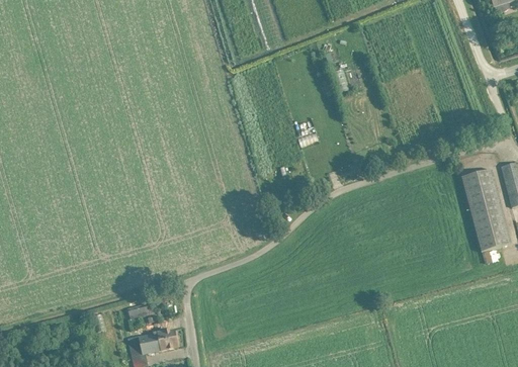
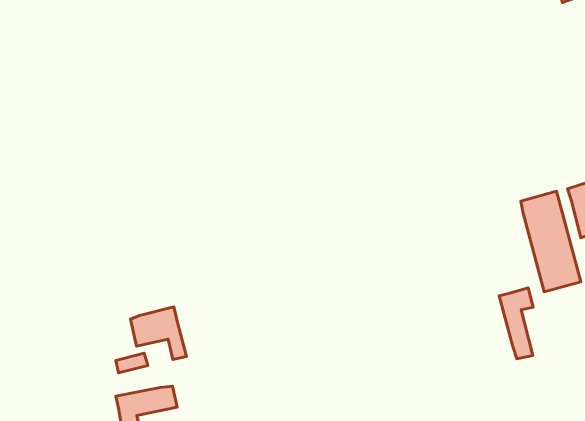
building: none -> [499,288,533,359]
building: none -> [131,307,186,360]

